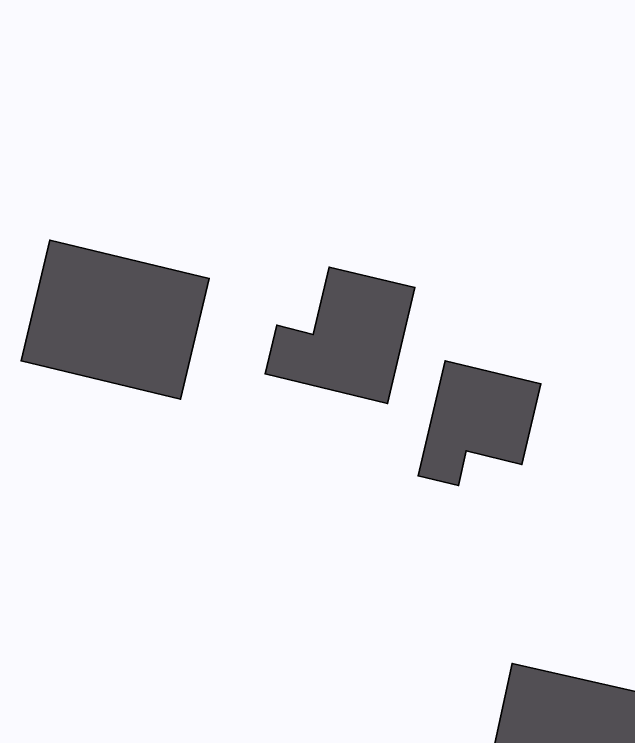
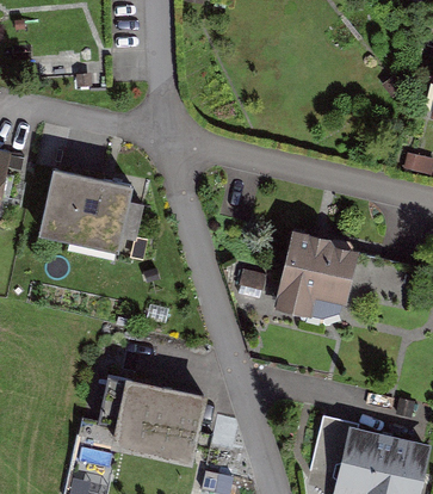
building: [265,267,415,403] -> none
building: none -> [107,379,209,470]

